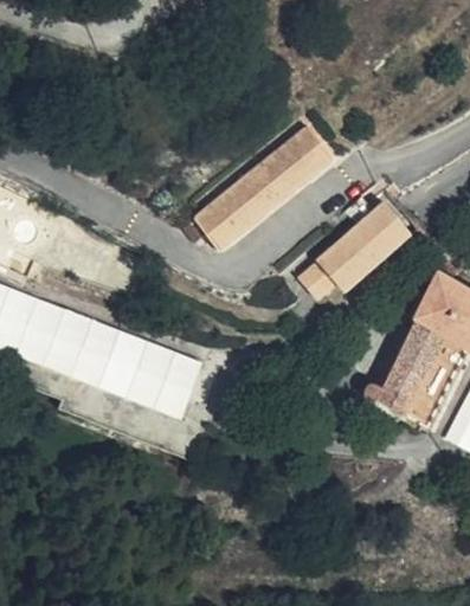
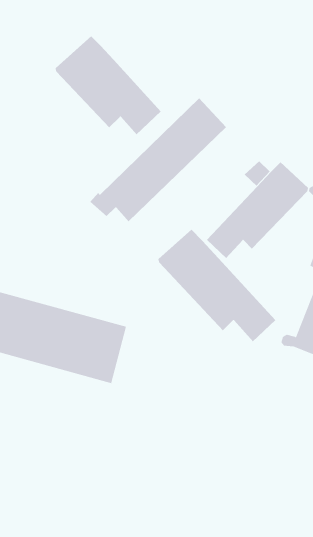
building: none -> [55,35,162,135]
building: none -> [158,229,276,342]

